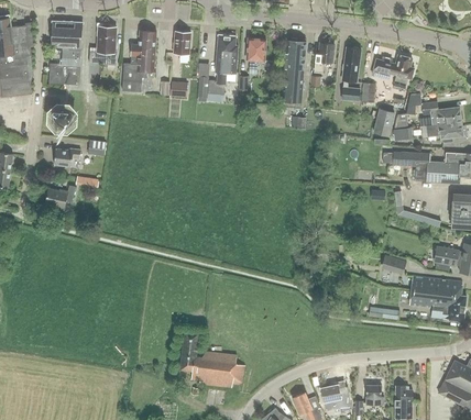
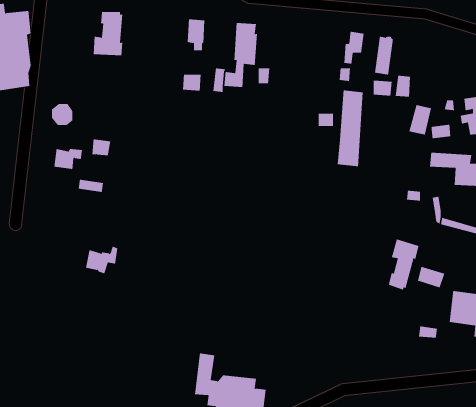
building: [50,21,83,84] -> none
building: [121,29,156,90] -> none
building: [247,37,264,73] -> none
building: [281,38,305,108] -> [337,90,364,167]
building: [373,54,414,90] -> none
building: [45,184,75,209] -> [85,246,118,274]
building: none -> [388,239,419,291]

